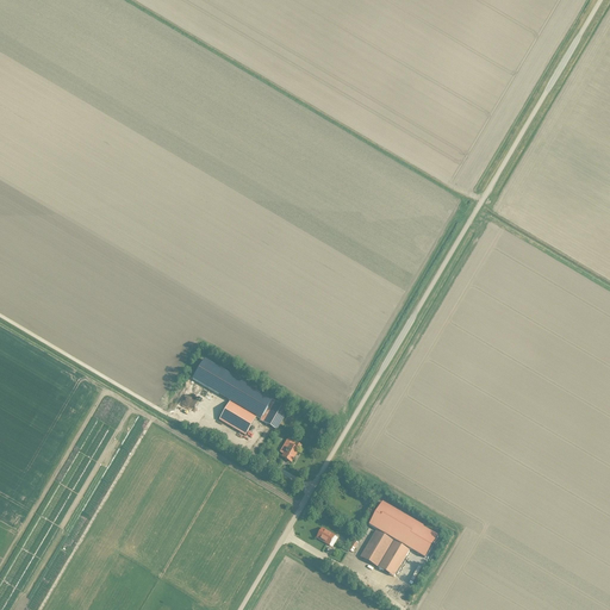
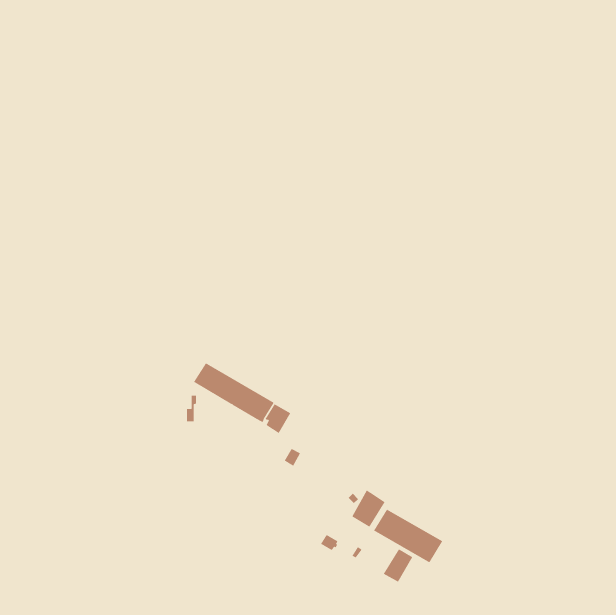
building: [218,399,255,432] -> none
building: [360,529,393,566] -> [352,490,385,528]

